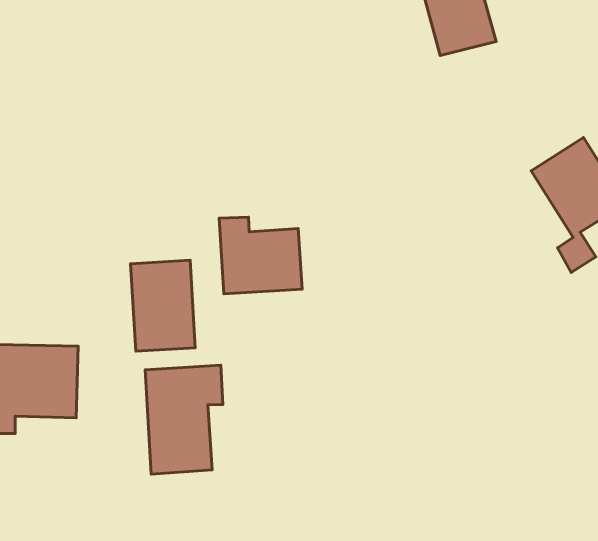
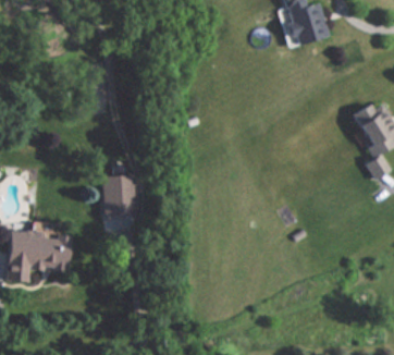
building: [219,217,302,294] -> none
building: [145,365,223,474] -> none

